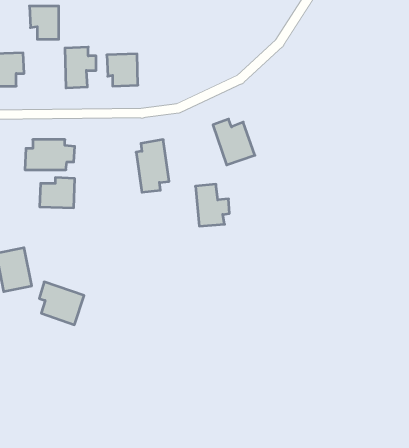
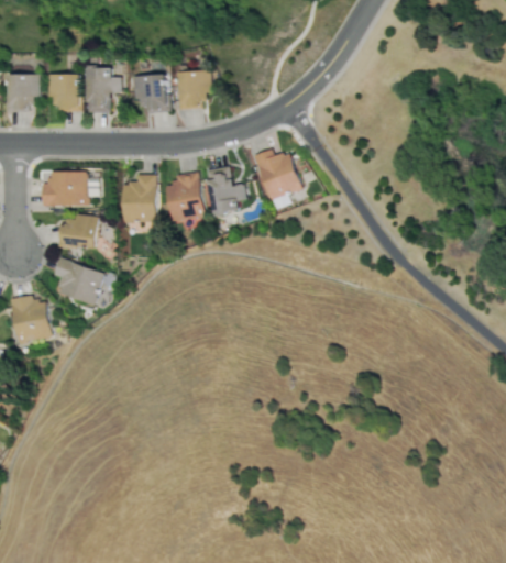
building: [29,6,59,39] -> [47,74,80,111]
building: none -> [179,70,212,110]
building: none -> [121,175,156,222]
building: [195,184,229,226] -> [207,167,245,214]
building: [39,282,84,325] -> [53,257,103,306]

